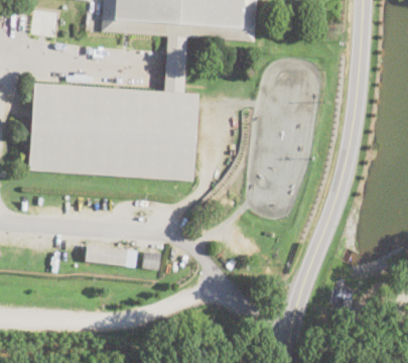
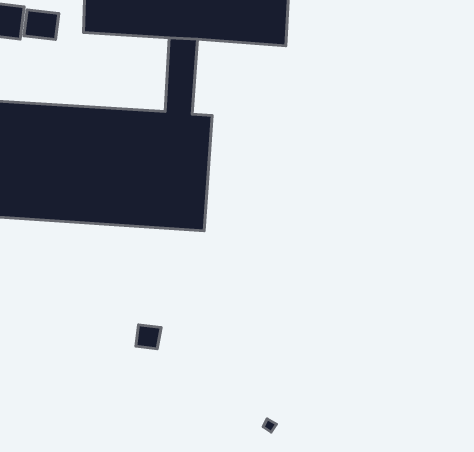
building: none -> [24,10,59,40]
building: [86,245,128,265] -> none

